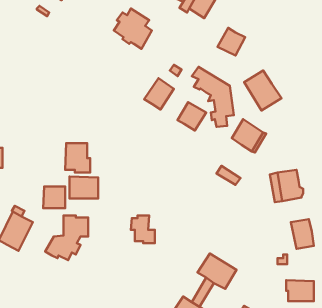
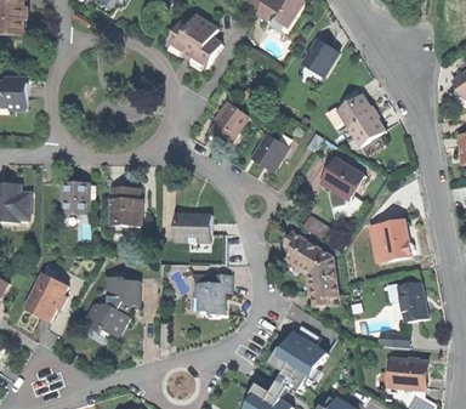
building: [192,67,234,127] -> [284,232,337,308]
building: [70,177,98,198] -> [177,214,214,242]
building: [43,186,65,208] -> [61,182,89,210]

